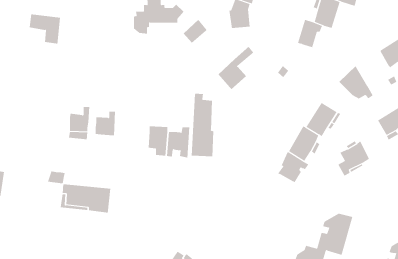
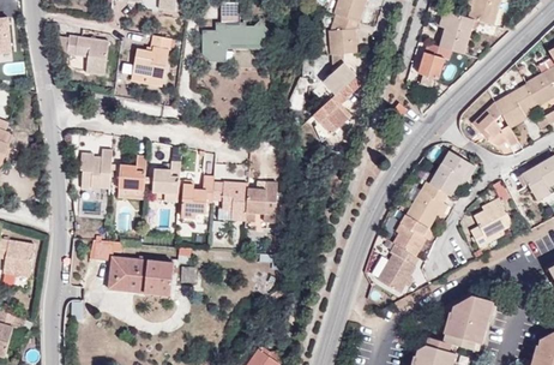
building: none -> [131,35,171,86]
building: [183,19,208,44] -> [323,61,355,94]
building: none -> [494,84,536,128]
building: [191,93,214,157] -> none
building: none -> [79,149,113,191]
building: none -> [181,176,215,219]
building: none -> [377,245,414,293]

